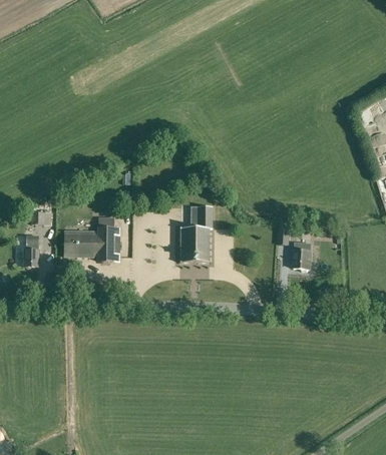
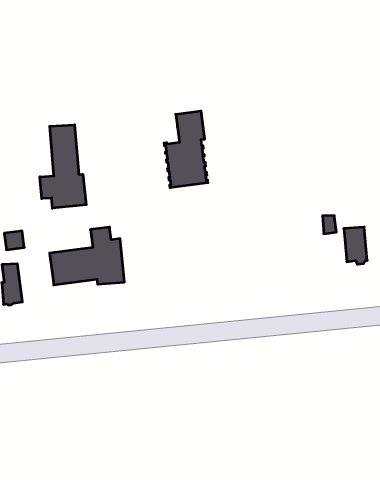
building: none -> [40,125,86,208]
building: [179,206,212,263] -> [164,111,208,188]

